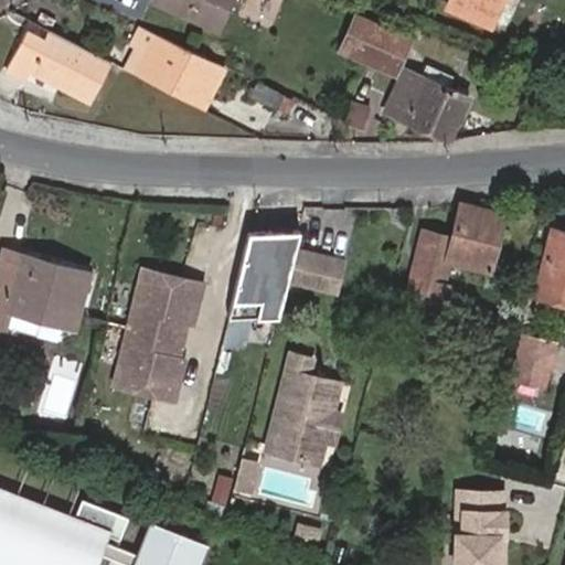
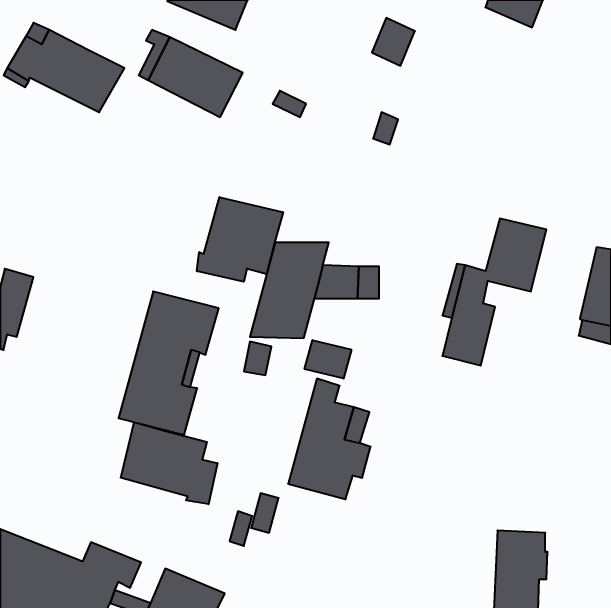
building: [370,31,409,75] -> none
building: [387,67,466,141] -> none
building: none -> [197,197,283,282]
building: [15,258,87,329] -> none
building: none -> [305,340,351,379]
building: [512,338,548,384] -> none
building: none -> [121,422,217,504]

